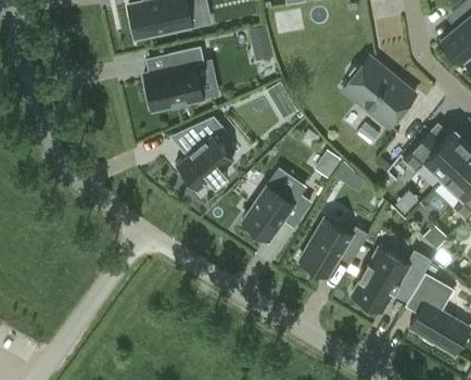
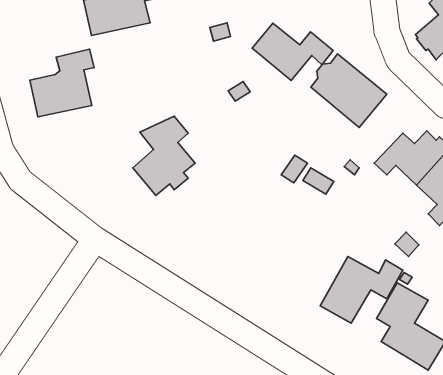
building: none -> [252,23,333,80]
building: [143,46,204,110] -> [30,49,94,117]
building: [242,179,309,240] -> none
building: [298,218,368,277] -> none

